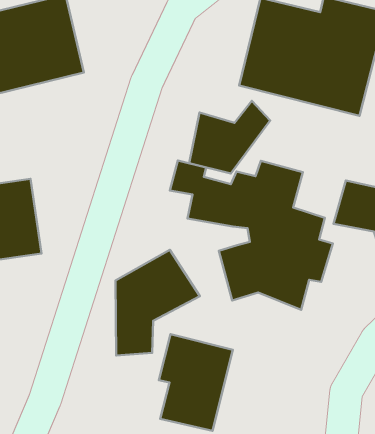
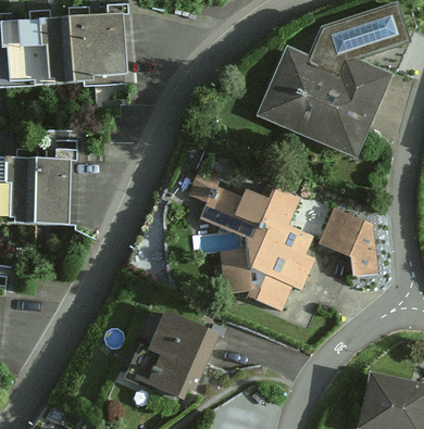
building: [189,101,270,174] -> none
building: [116,250,200,355] -> none

